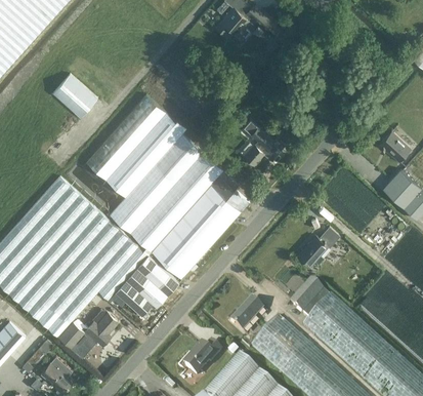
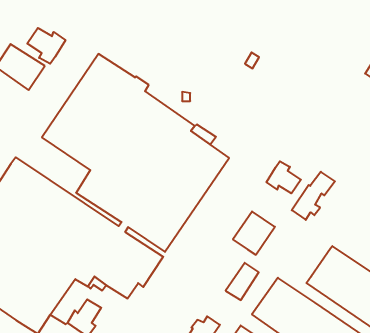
building: none -> [27,28,65,64]
building: [245,126,281,164] -> none
building: none -> [266,161,301,193]
building: [290,279,329,318] -> [233,211,275,255]

